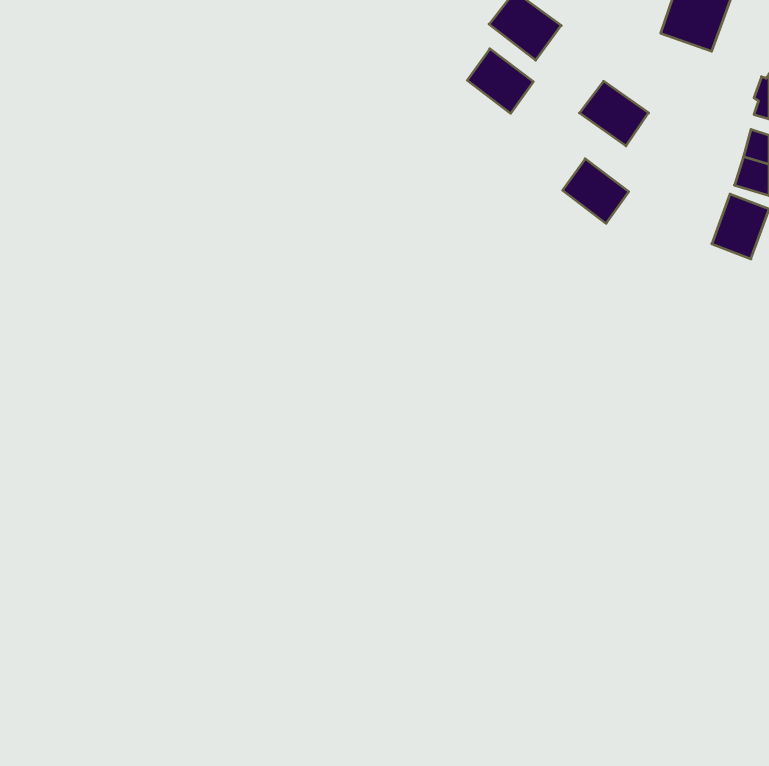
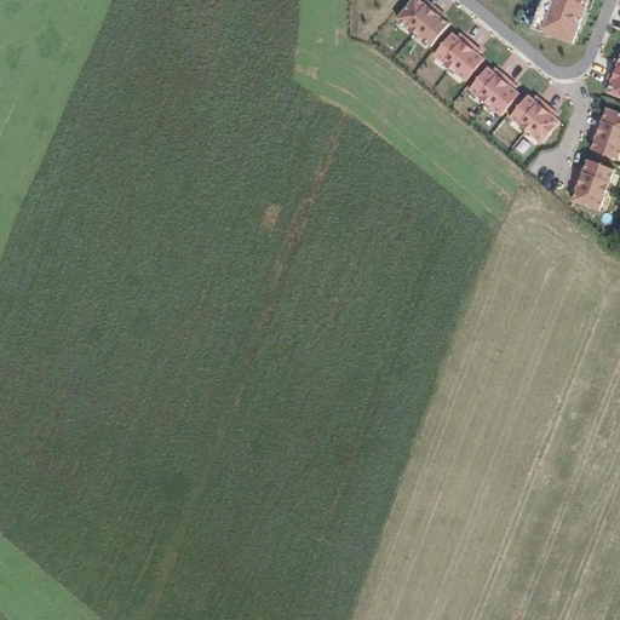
building: [467,49,533,113] -> [431,31,484,84]
building: [563,159,629,223] -> [509,93,562,145]

